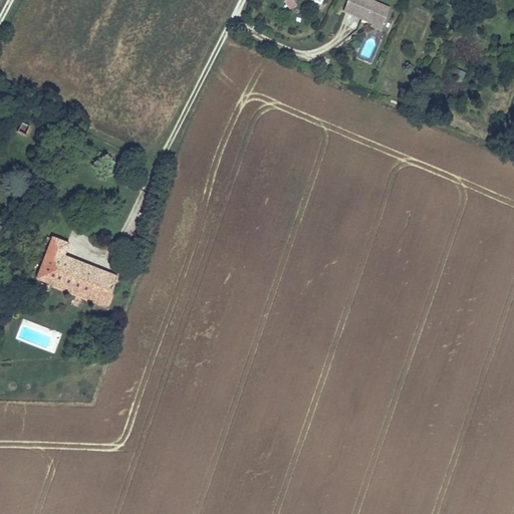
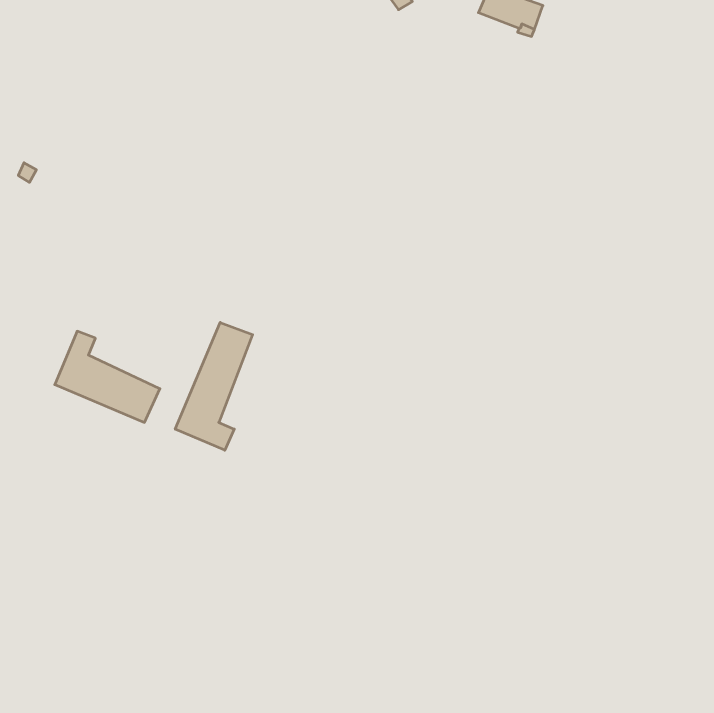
building: none -> [175,322,253,450]

